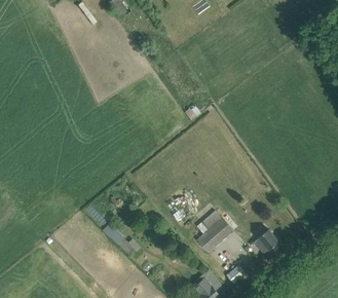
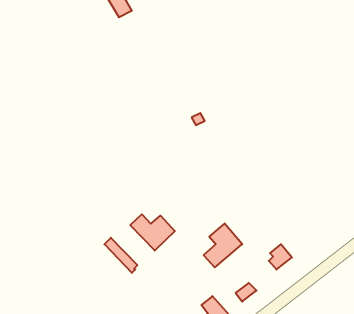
building: none -> [130,214,175,251]

